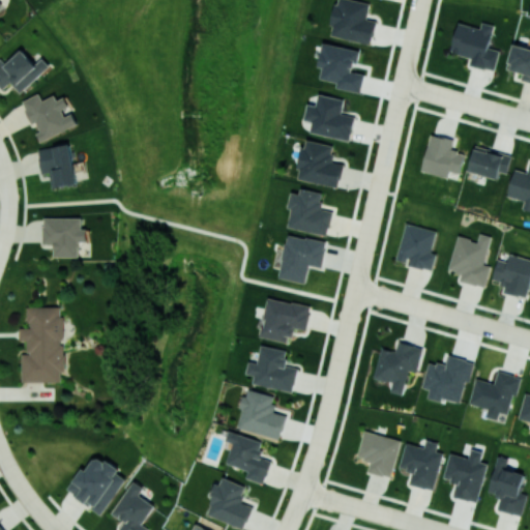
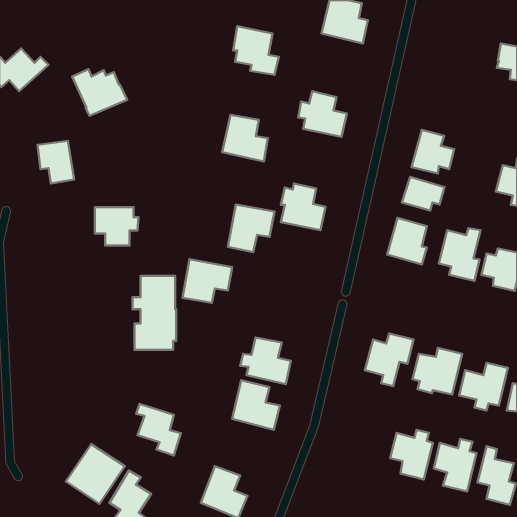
building: [450,23,499,71] -> none
building: [318,43,364,93] -> [233,26,279,75]
building: [22,94,78,142] -> [72,69,127,116]
building: [296,141,343,188] -> [222,115,268,161]
building: [467,146,510,180] -> [402,177,445,210]
building: [42,218,87,258] -> [95,207,139,246]
building: [278,235,326,284] -> [228,204,275,252]
building: [260,298,311,343] -> [182,259,232,303]
building: [19,306,63,382] -> [132,276,176,350]
building: [356,431,401,478] -> none
building: [225,432,270,484] -> [136,404,181,455]

